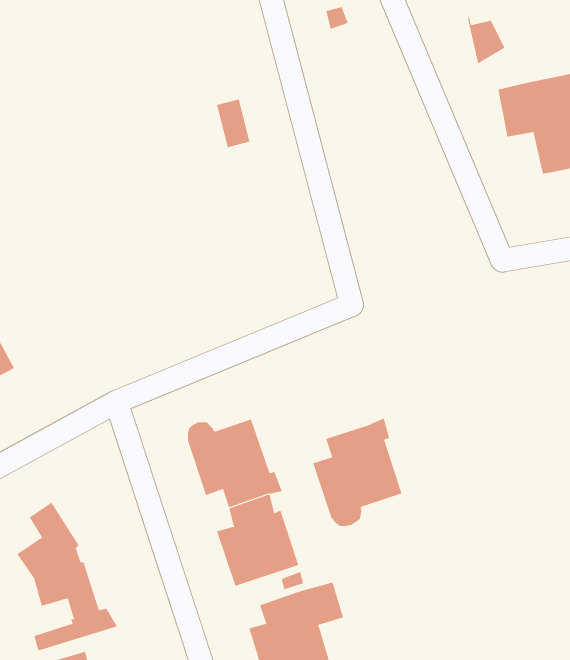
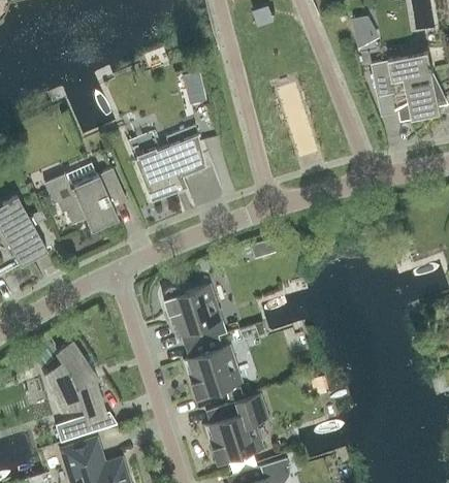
building: none -> [127,126,205,201]
building: none -> [43,167,124,231]
building: [312,418,402,527] -> none

